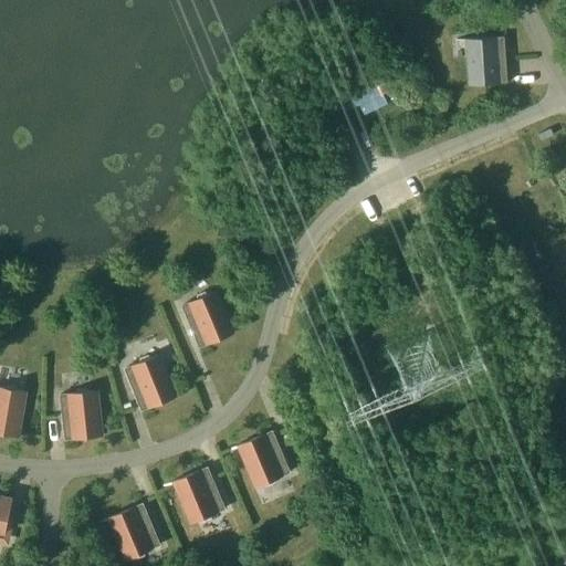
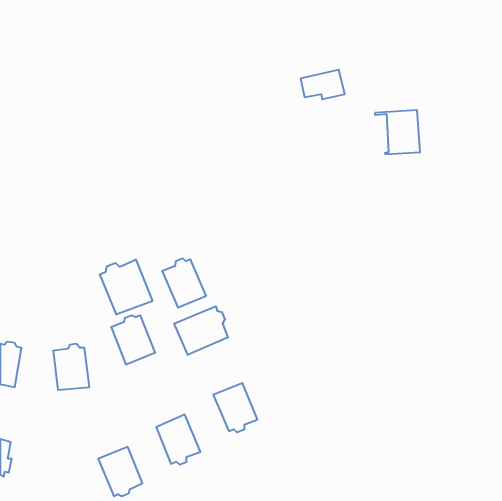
building: [457,36,507,86] -> [375,110,420,154]
building: none -> [100,259,152,315]
building: none -> [174,306,228,355]

